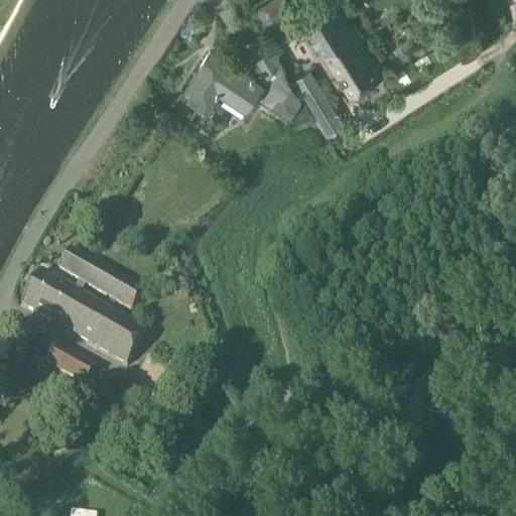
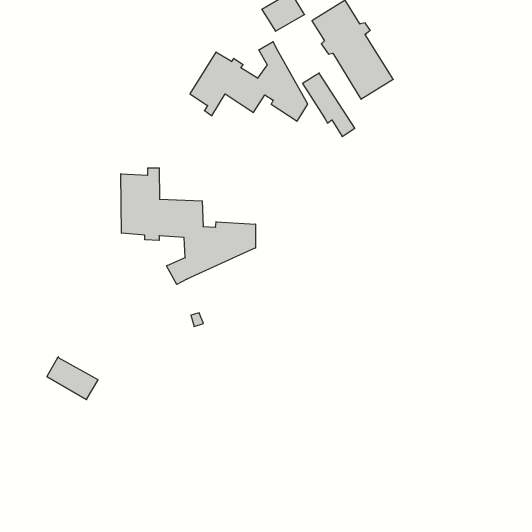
building: none -> [121,168,256,284]
building: [20,249,145,366] -> none

